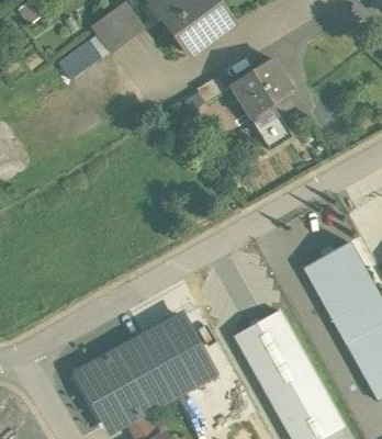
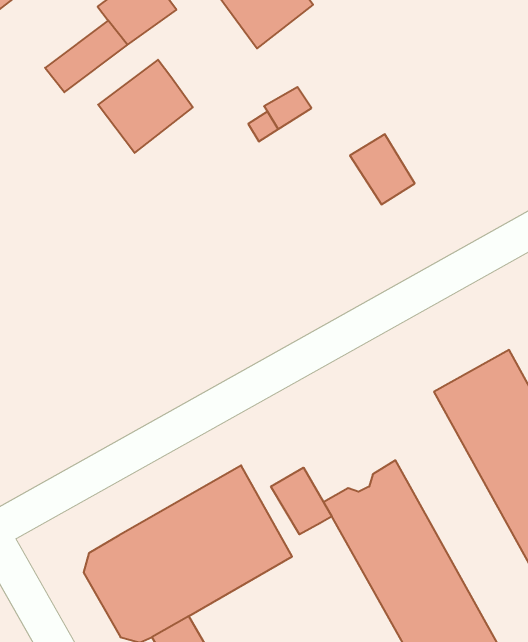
building: [231,58,294,119] -> none
building: none -> [98,60,193,153]
building: none -> [271,468,332,534]

